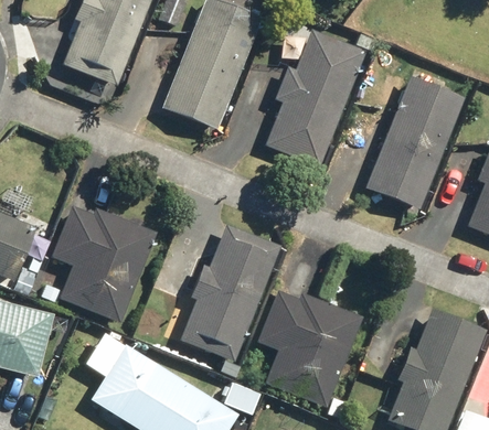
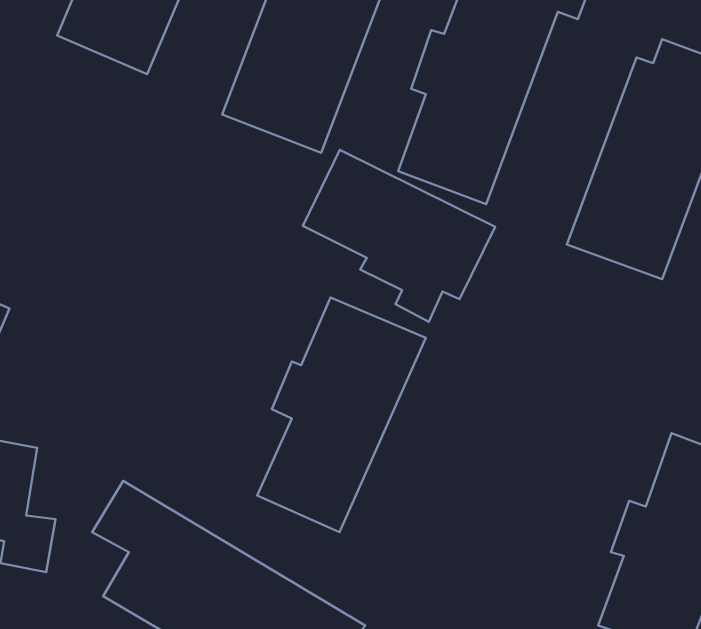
building: none -> [303,150,495,322]
building: [54,206,152,322] -> none
building: [256,286,360,407] -> none

